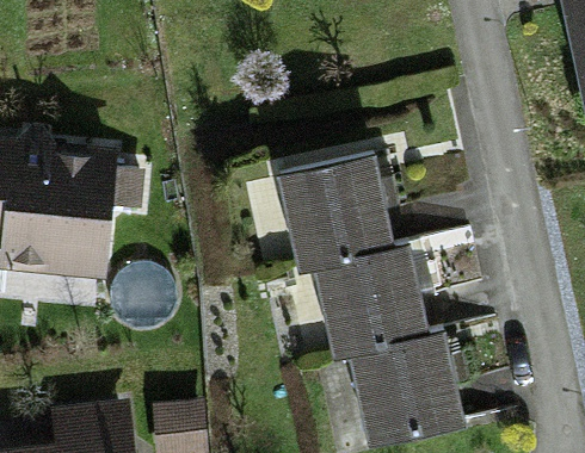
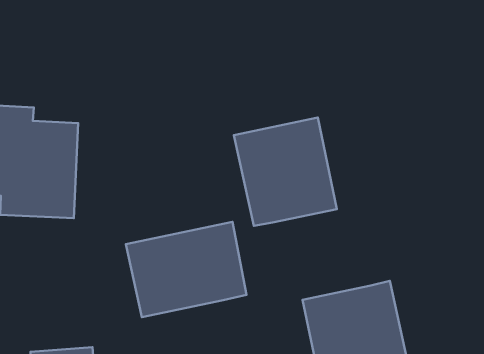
building: [320,252,426,356] -> none
building: none -> [126,222,247,317]

